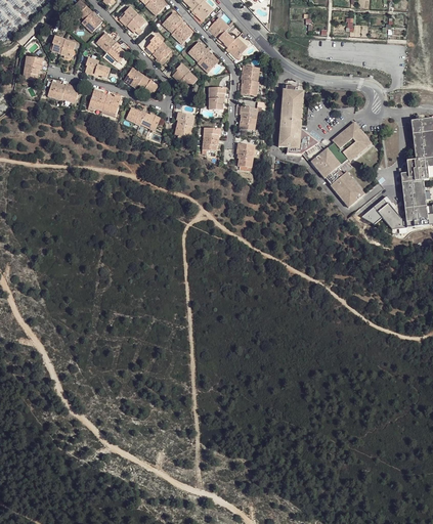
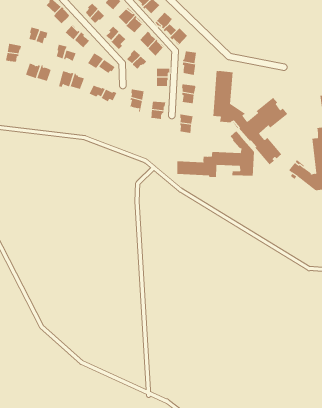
building: none -> [177,130,255,178]

